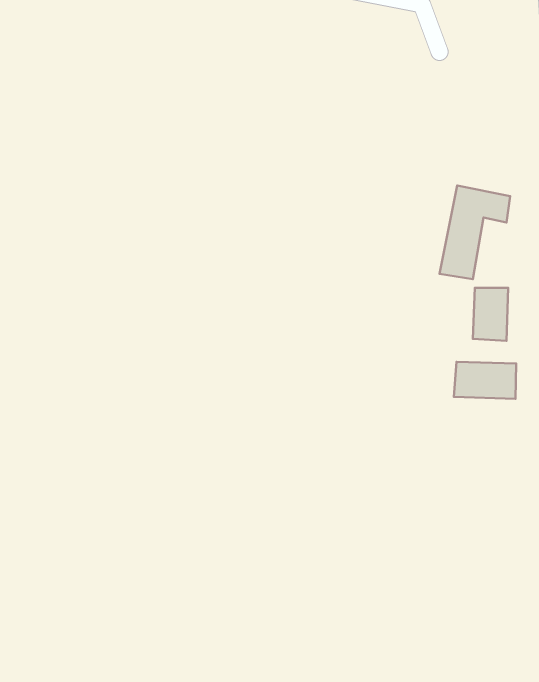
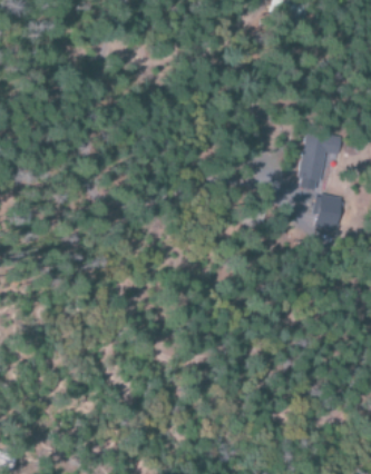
building: [454,362,516,399] -> none

